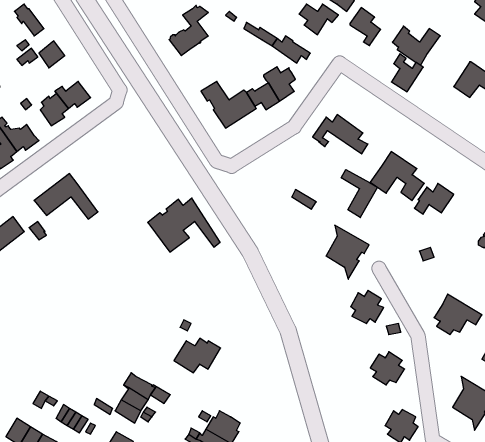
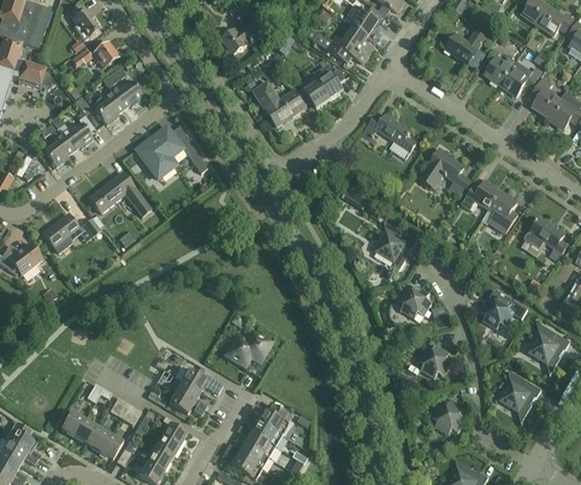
building: [350,8,381,46] -> [343,25,373,63]
building: [391,54,423,92] -> [485,48,516,85]
building: [341,170,377,218] -> none
building: none -> [487,191,517,233]
building: [148,198,220,252] -> [136,125,207,178]

